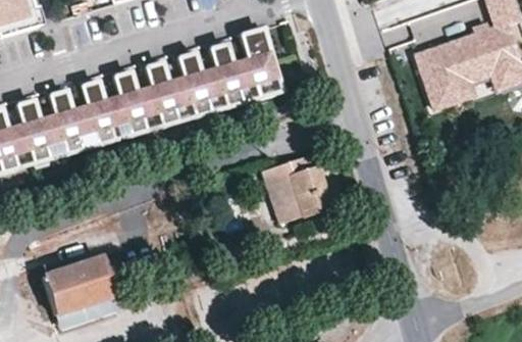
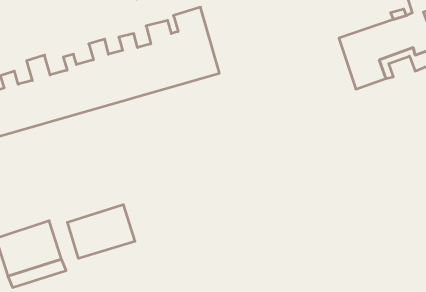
building: [259,153,324,219] -> none
building: none -> [67,205,135,258]

